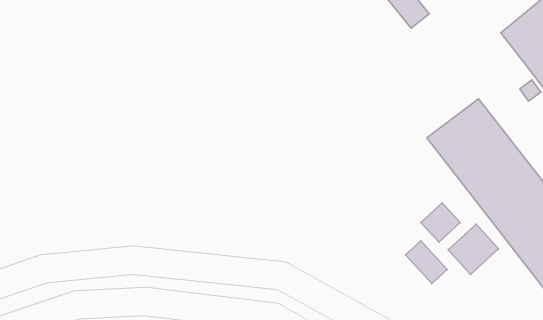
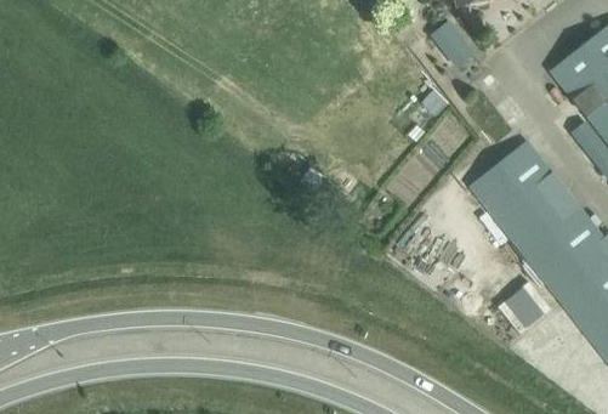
building: [421,203,460,242] -> none
building: [406,241,447,283] -> none

